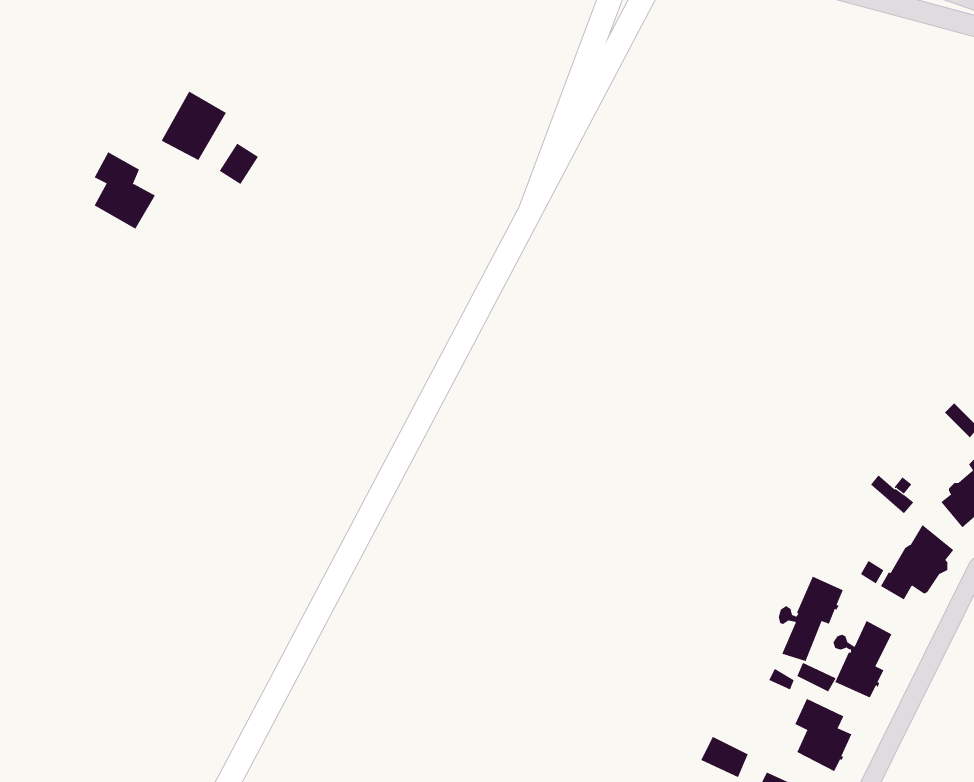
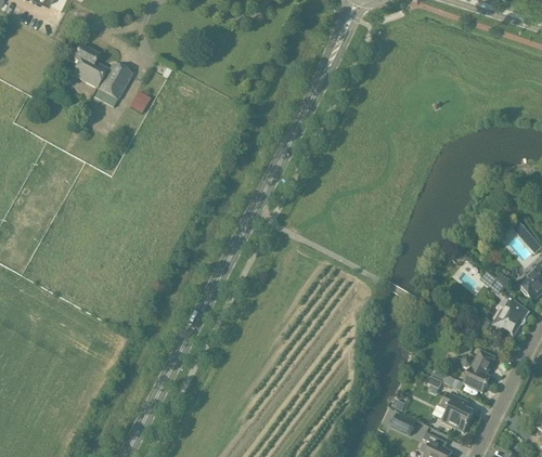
building: [94,152,156,230] -> [74,45,107,88]
building: [778,576,843,662] -> none

